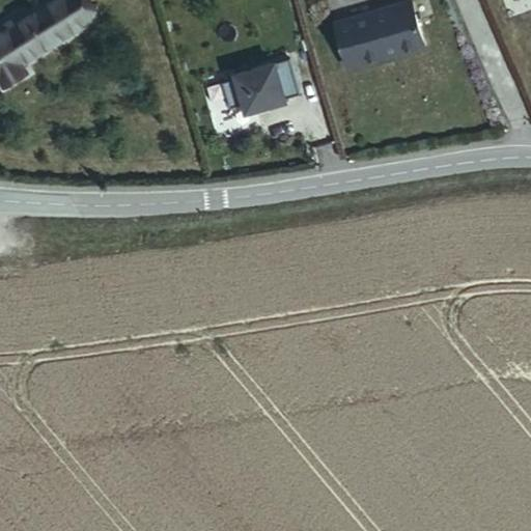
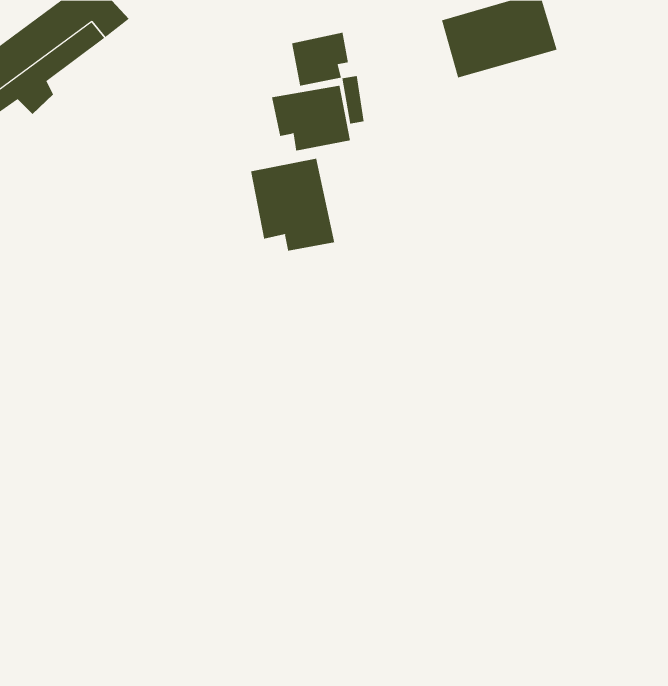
building: none -> [291,32,348,86]
building: none -> [250,158,335,252]

